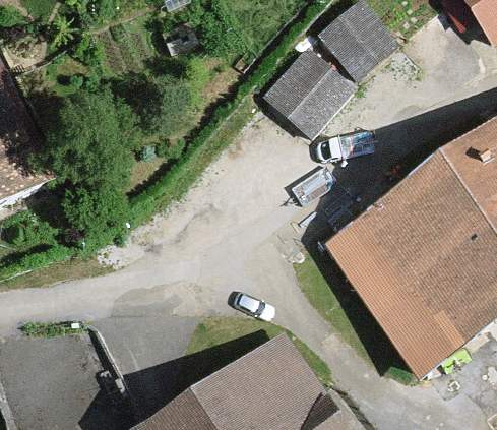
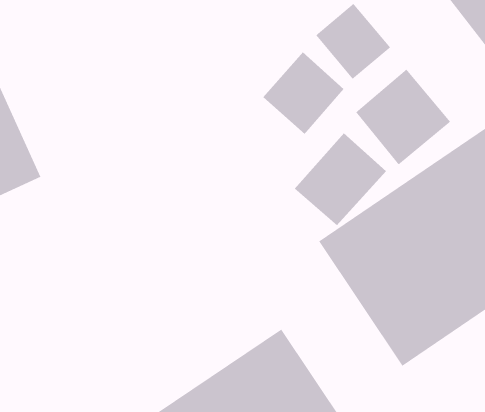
building: none -> [355,69,451,165]
building: none -> [294,132,387,226]

